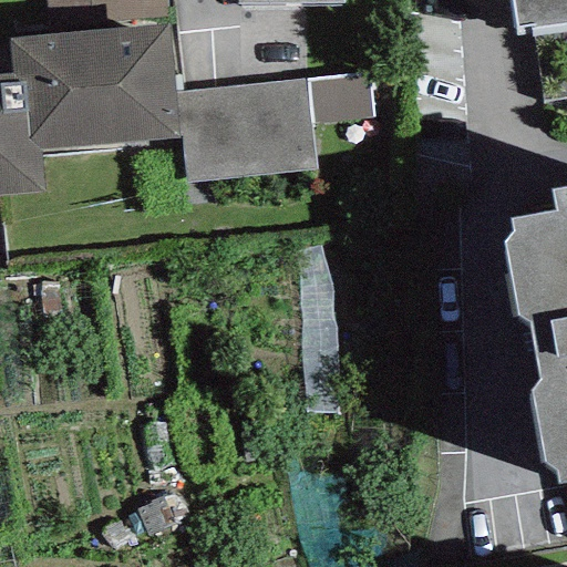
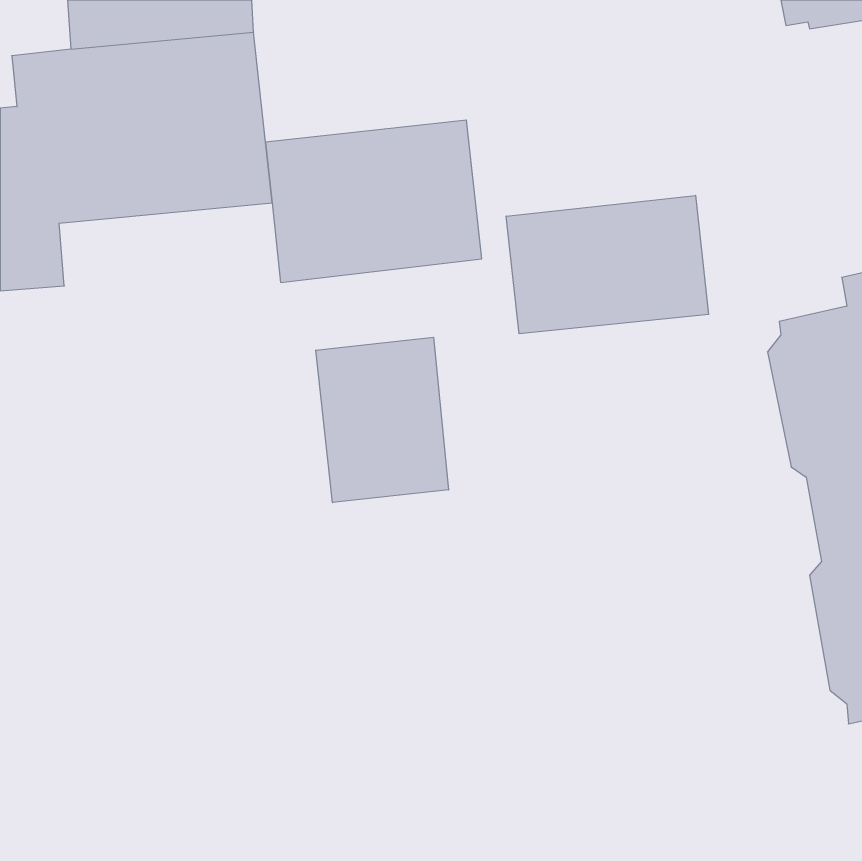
building: none -> [506,195,709,334]
building: none -> [316,337,449,503]

